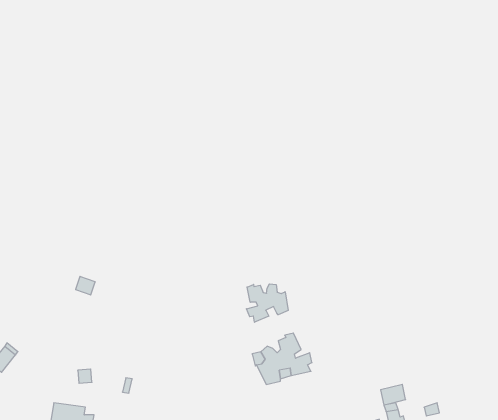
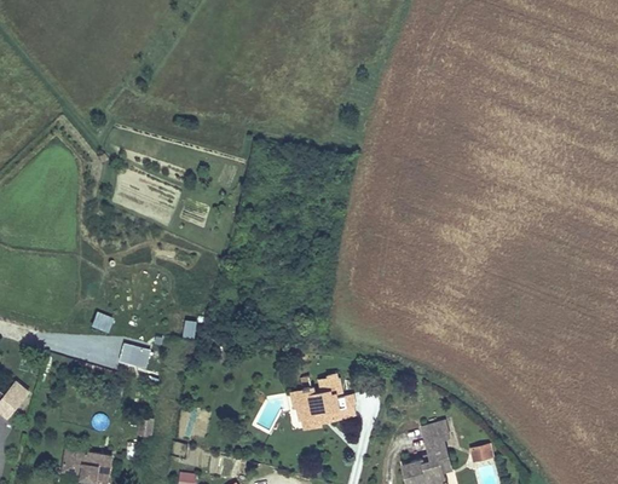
building: [246,284,288,322] -> none
building: none -> [117,340,148,365]

